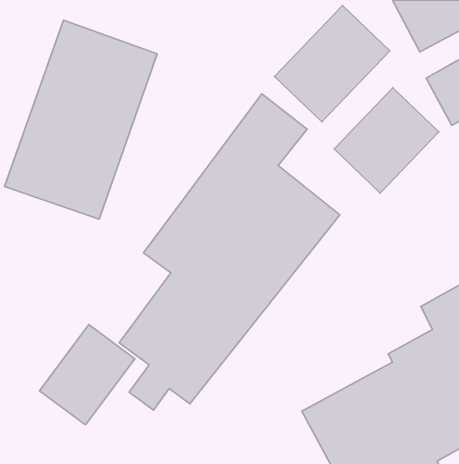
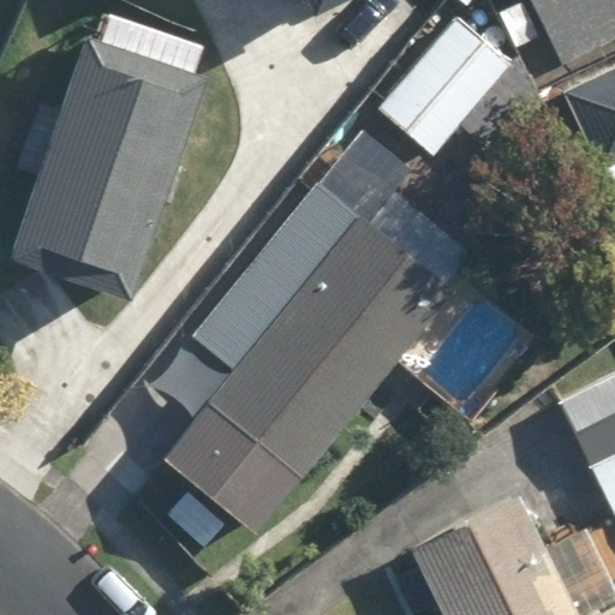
building: [334,88,439,193] -> none
building: [40,325,135,425] -> none

